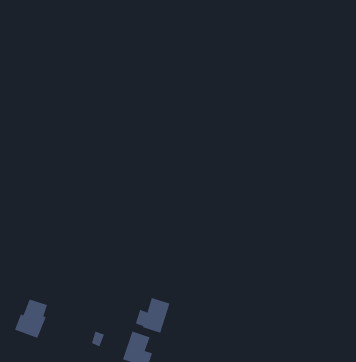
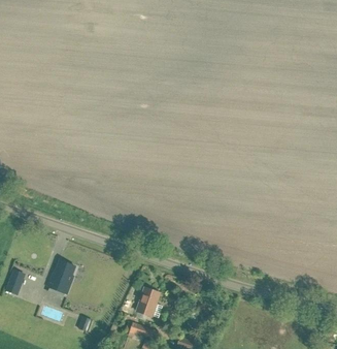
building: [135,297,170,334] -> none

